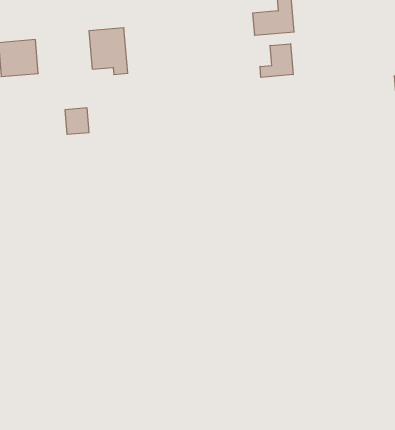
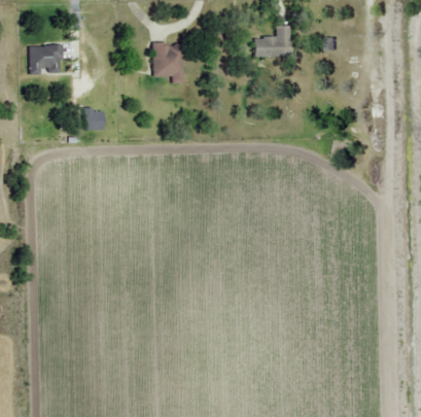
building: [89,28,128,74] -> [152,42,183,82]
building: [260,44,293,77] -> none

